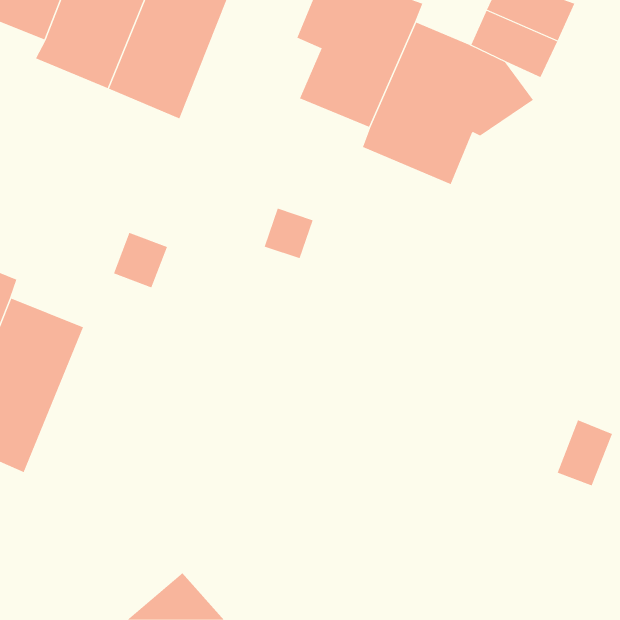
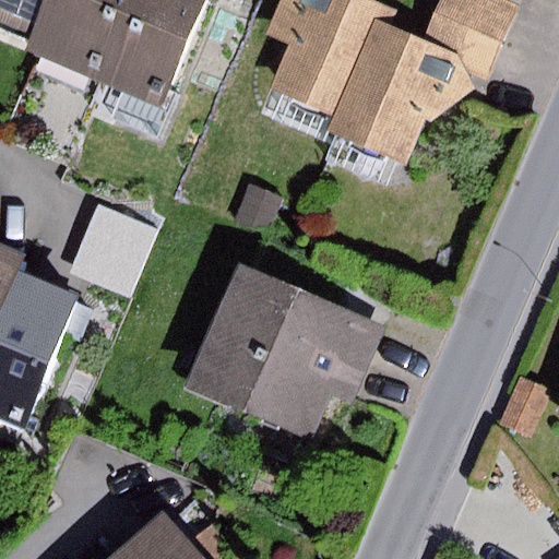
building: none -> [185,264,382,439]

